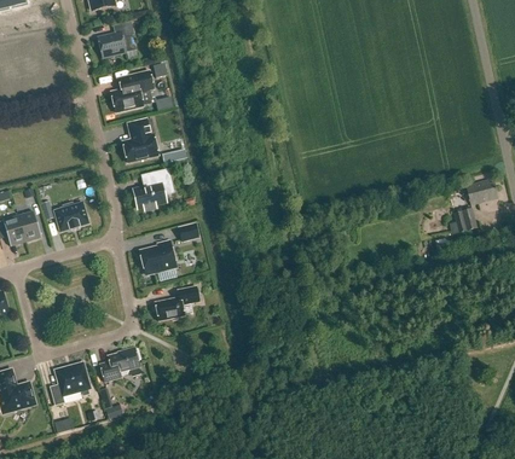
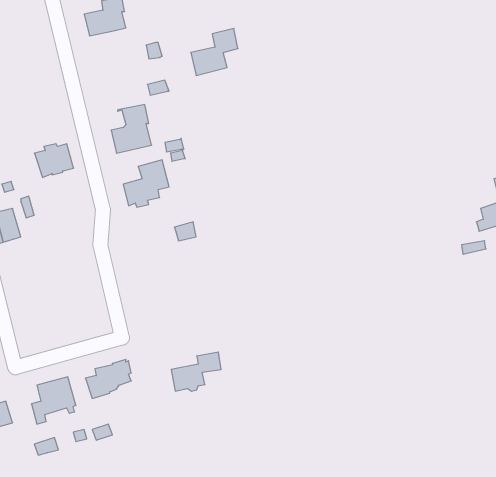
building: [110,70,152,112] -> [191,28,238,76]
building: [52,202,87,232] -> [34,144,74,177]
building: [139,242,175,274] -> none
building: [154,286,198,321] -> [171,352,221,391]

